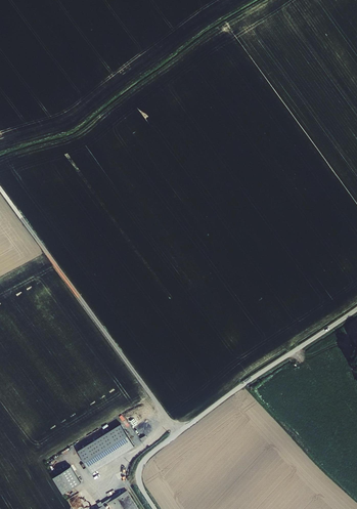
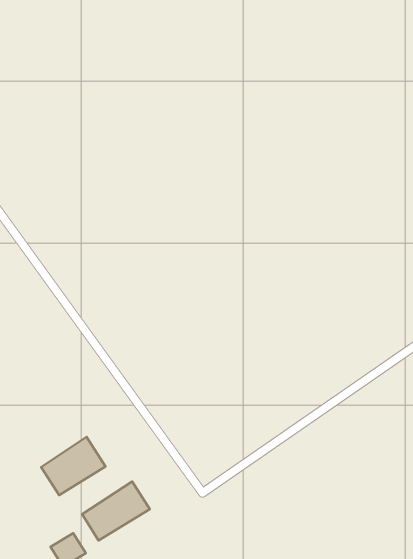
building: none -> [41,437,106,495]

